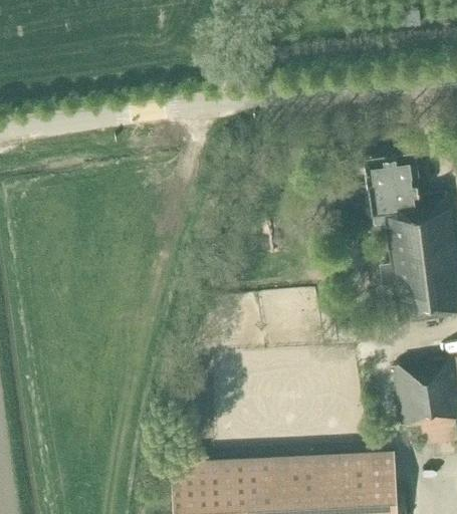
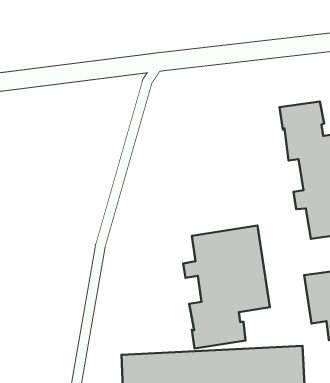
building: none -> [183,225,270,348]

